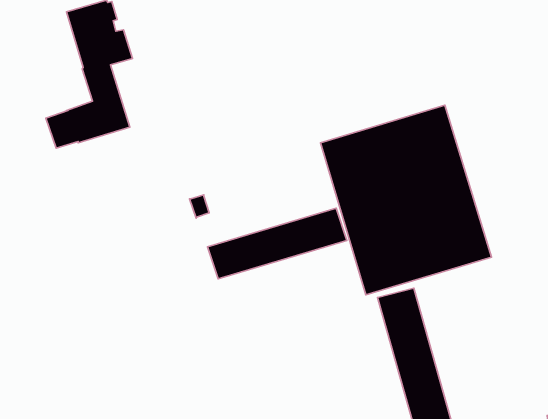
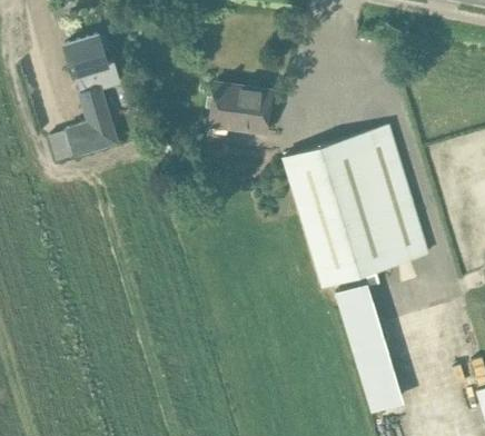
building: none -> [210,83,274,135]
building: [208,208,347,279] -> none

